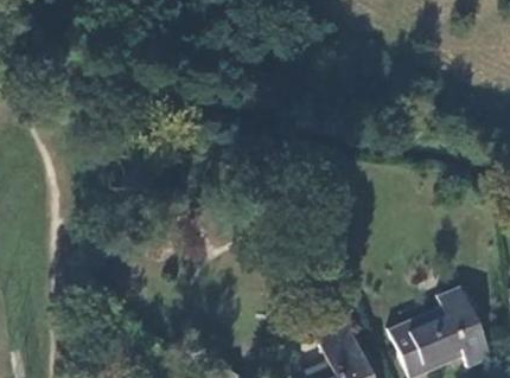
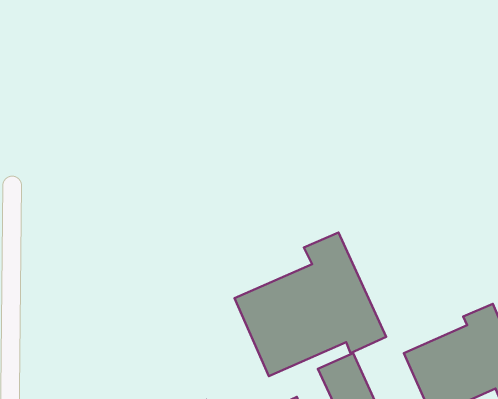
building: none -> [235,232,386,376]

